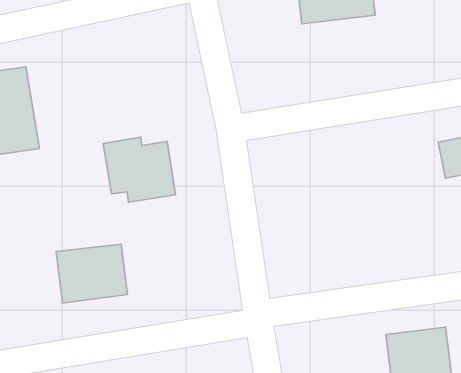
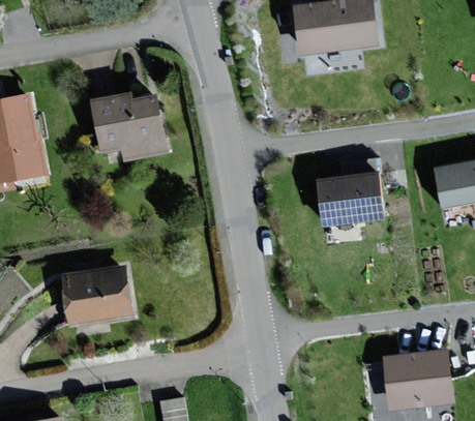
building: [103,137,176,202] -> [92,93,164,157]
building: none -> [318,174,380,223]

